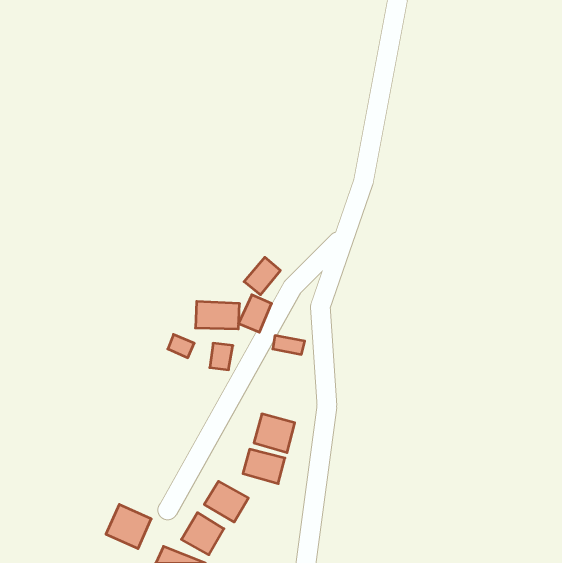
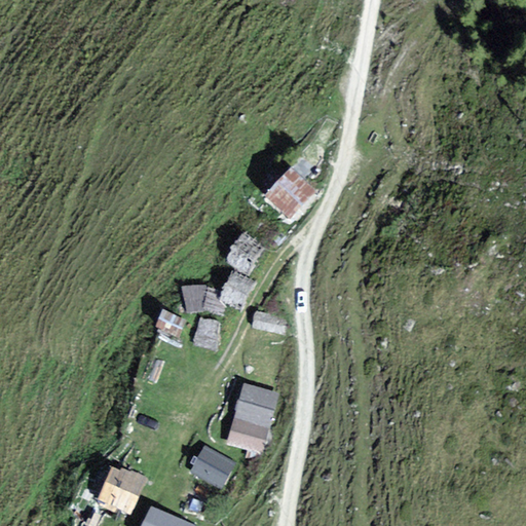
building: none -> [266,170,310,214]
building: [181,513,224,555] -> none

